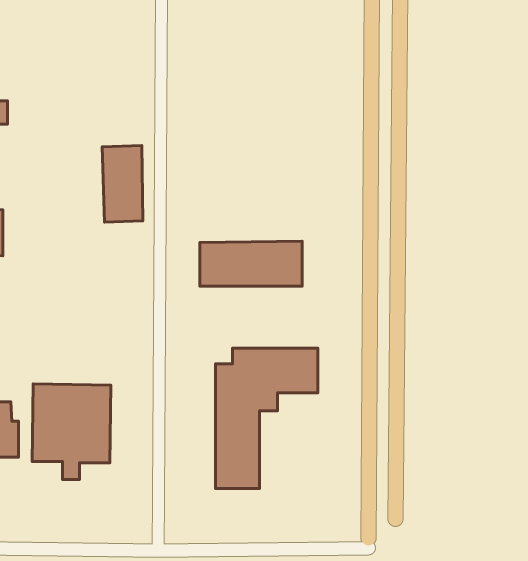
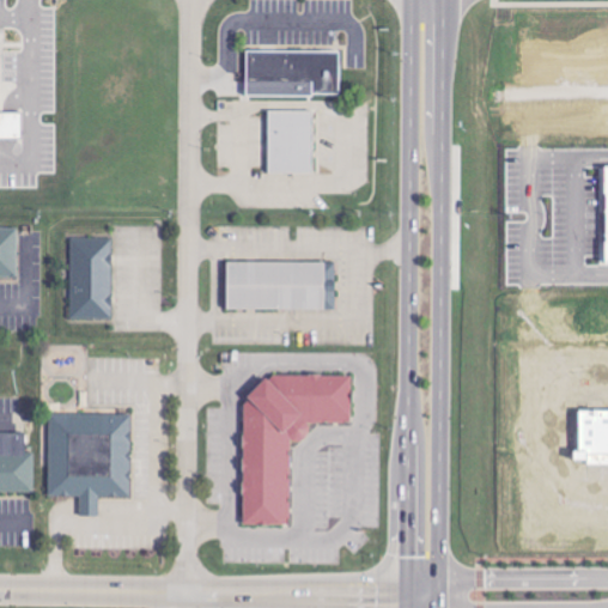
building: none -> [244,49,339,96]
building: none -> [266,109,312,171]
building: [102,146,143,222] -> [68,237,111,318]

